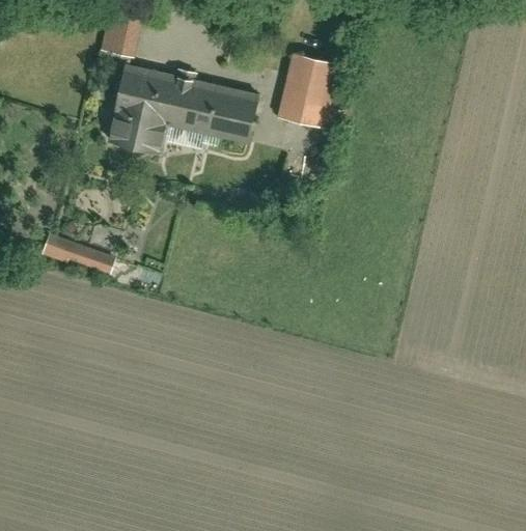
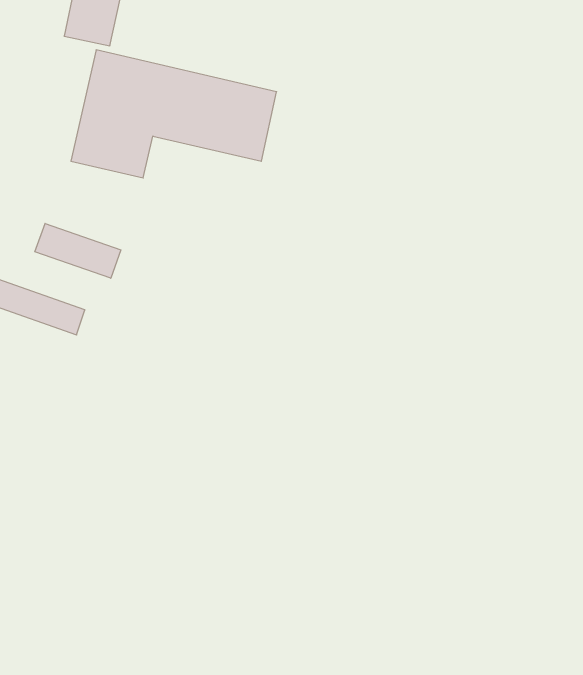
building: [275,52,347,134] -> none
building: none -> [35,223,121,278]

